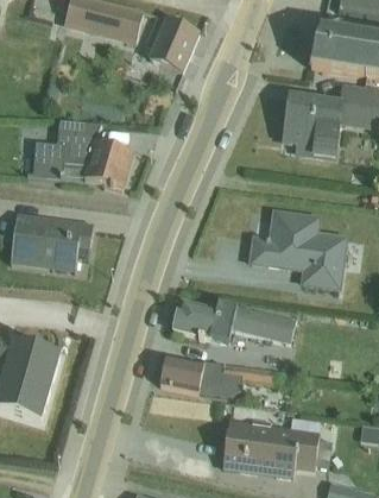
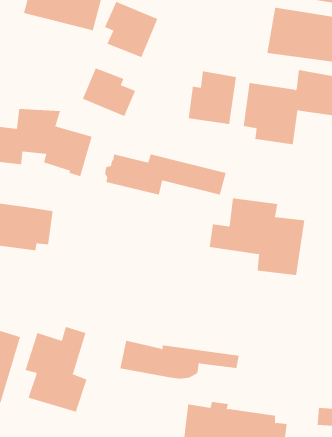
building: none -> [82,67,136,117]
building: none -> [188,71,236,125]
building: [172,300,296,341] -> [104,154,226,195]
building: none -> [25,326,87,413]

